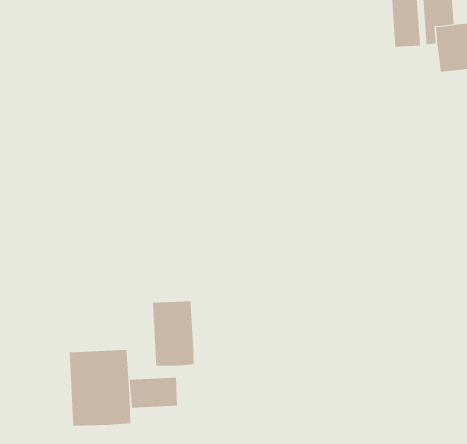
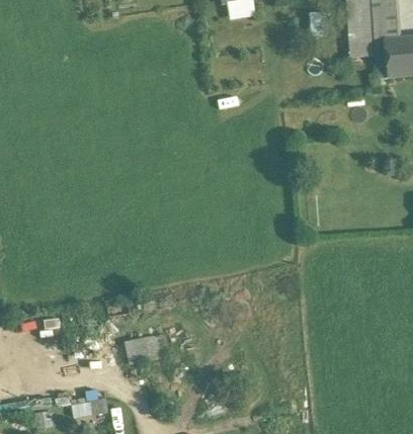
building: [153,300,194,367] -> none
building: [69,349,131,426] -> none

